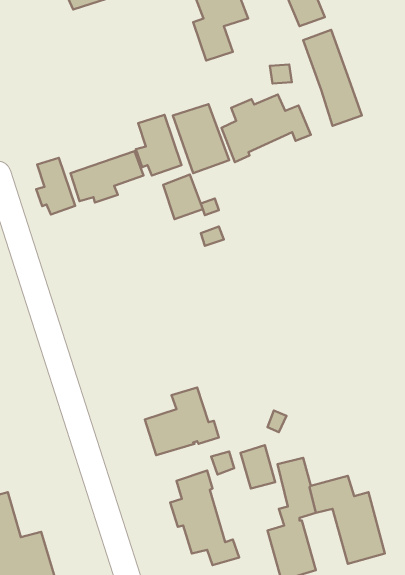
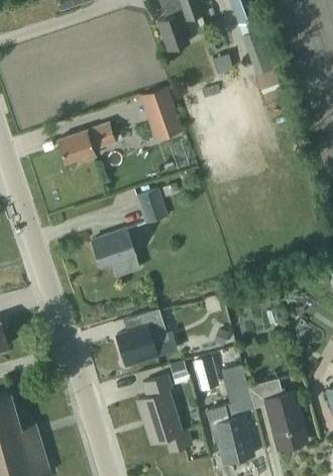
building: [221,94,311,162] -> none
building: [136,115,182,176] -> none
building: [36,158,75,214] -> none
building: [163,175,203,219] -> [137,188,169,223]
building: none -> [92,228,135,266]

